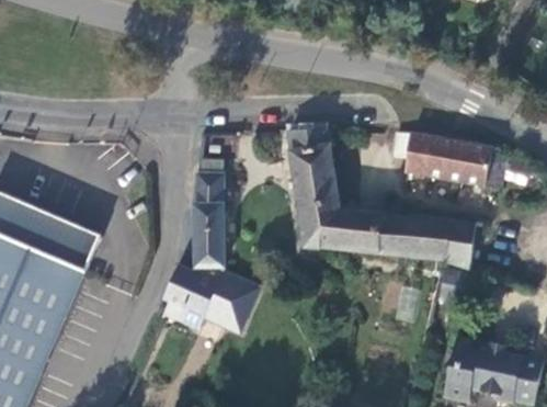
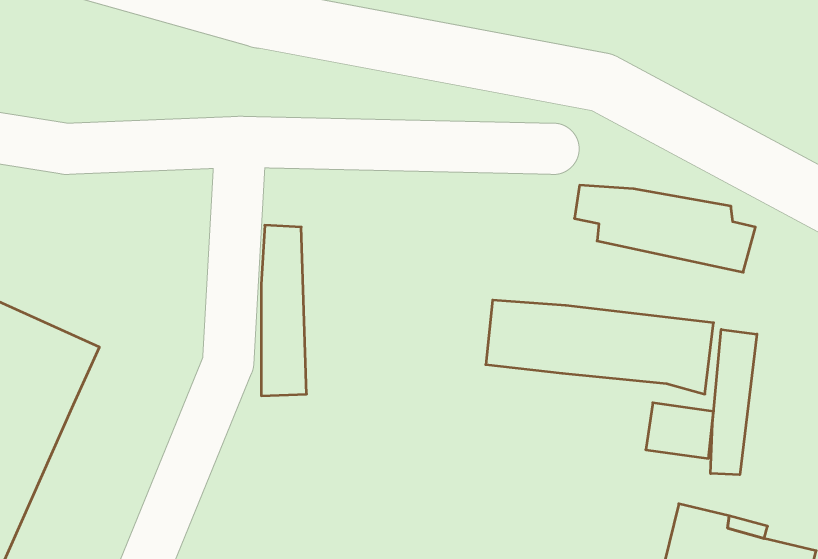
building: [286,128,340,248] -> none
building: none -> [711,329,757,475]
building: [162,267,261,337] -> none

